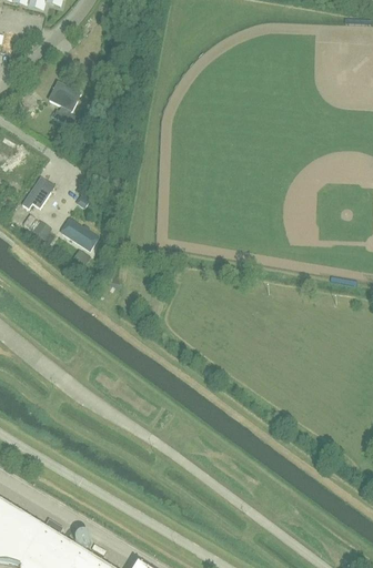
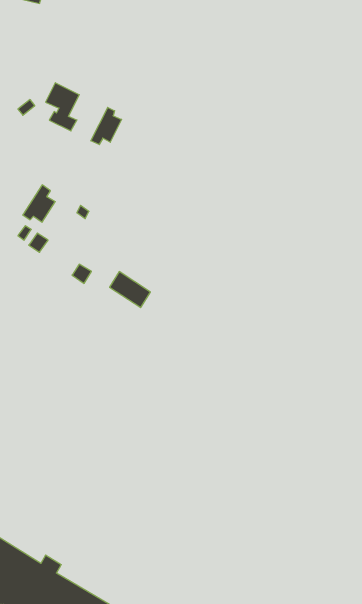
building: none -> [91,107,122,145]
building: [65,217,103,251] -> [110,272,150,308]

